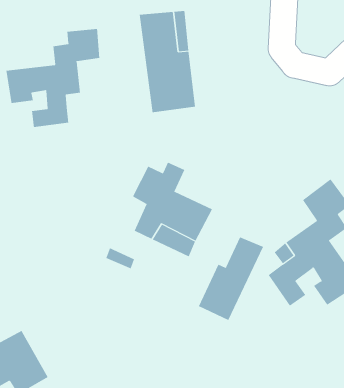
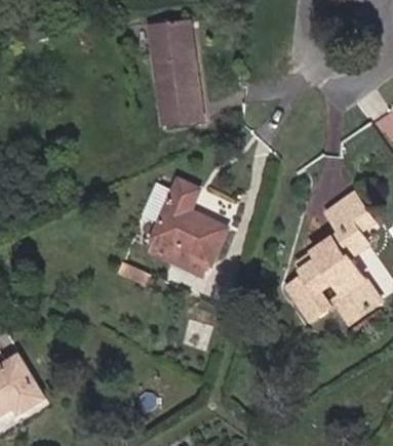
building: [6,28,100,128] -> none
building: [198,236,264,321] -> none

